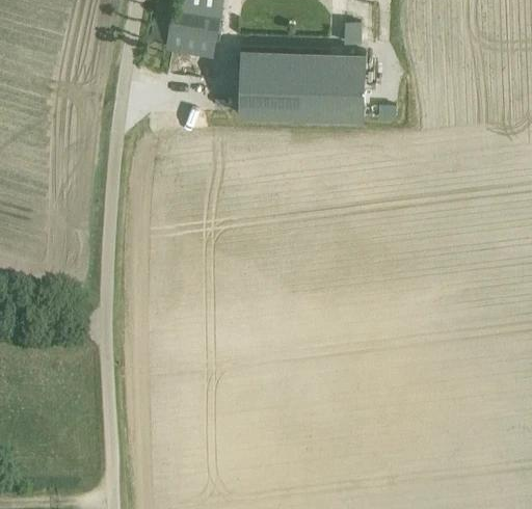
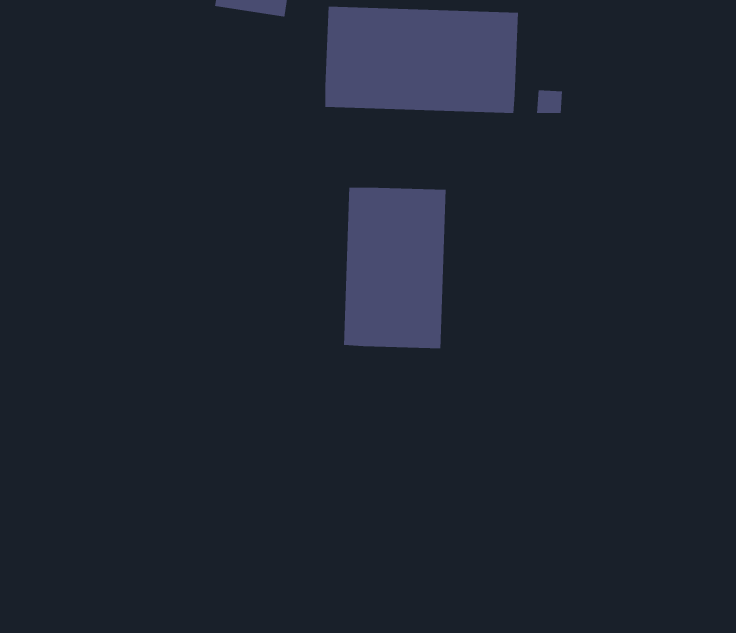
building: none -> [344,187,446,349]

